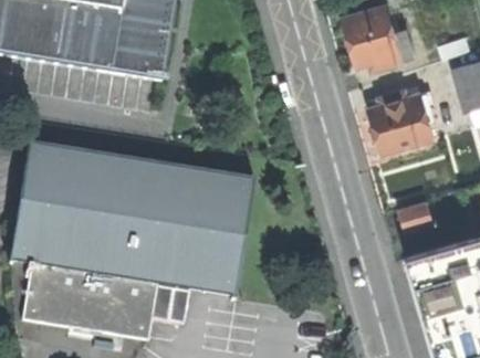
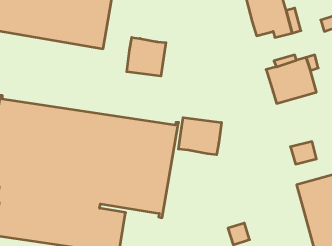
building: none -> [127,37,166,76]
building: none -> [178,118,221,155]

